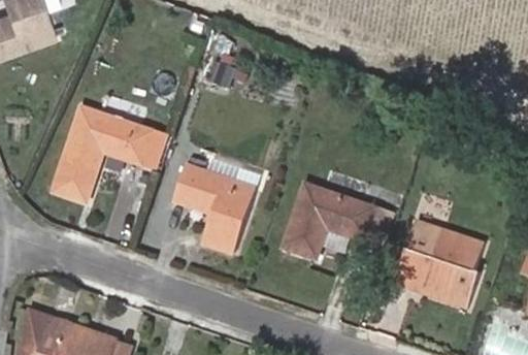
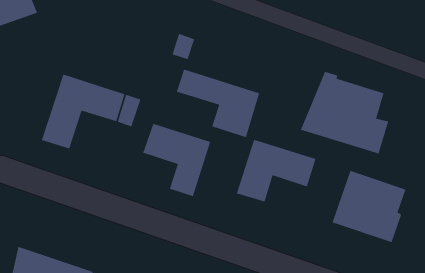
building: none -> [176,68,260,138]
building: none -> [300,71,389,154]

